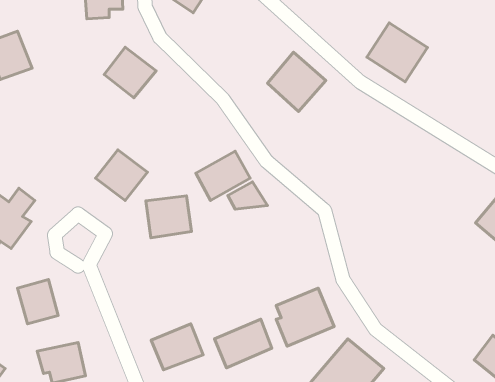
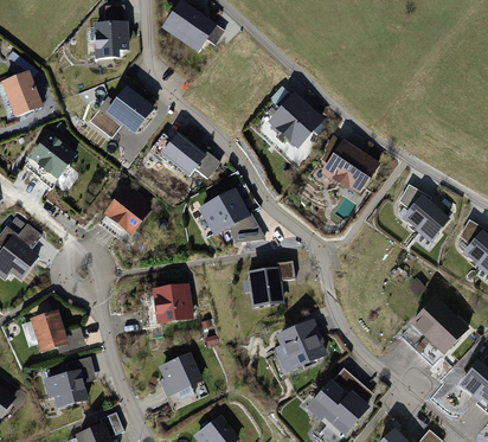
building: [367,23,428,82] -> [319,139,377,196]
building: none -> [27,129,77,178]
building: none -> [163,133,210,177]
building: none -> [404,197,452,243]
building: [146,196,192,238] -> [150,283,194,324]
building: none -> [245,265,288,309]
building: none -> [412,297,471,355]
building: [214,319,272,368] -> none

